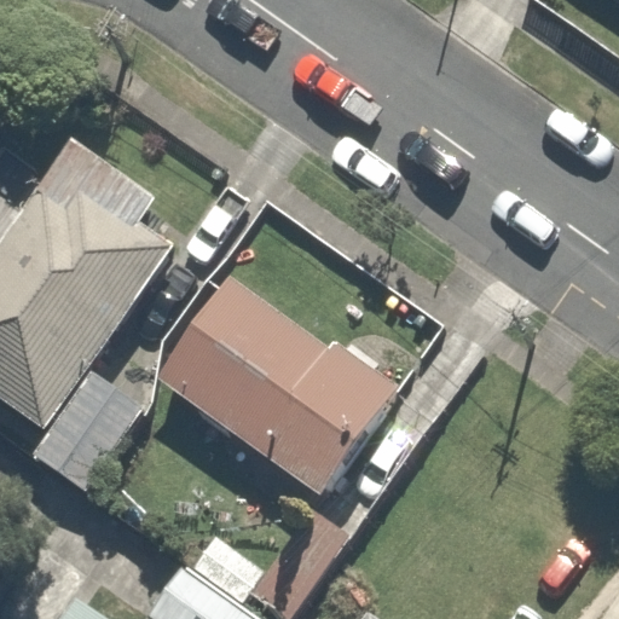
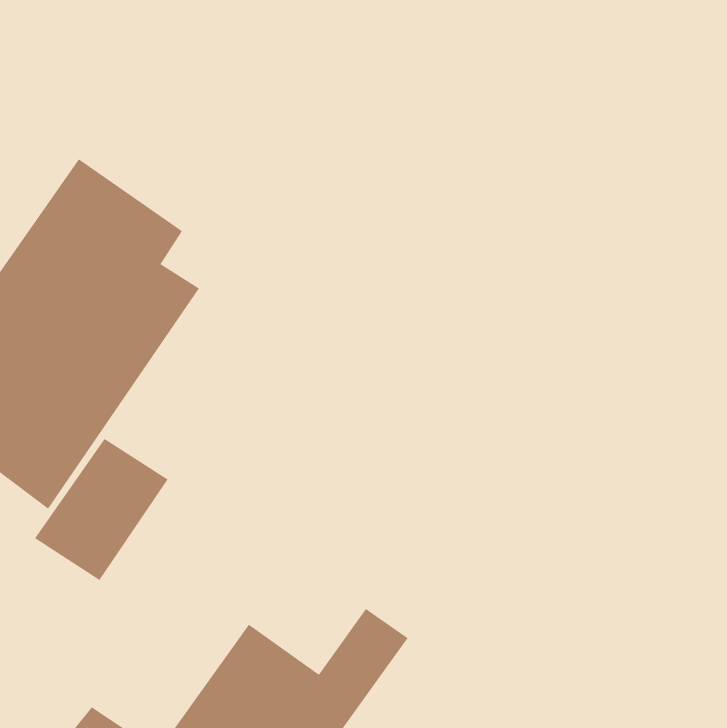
building: [160,276,399,502] -> none

